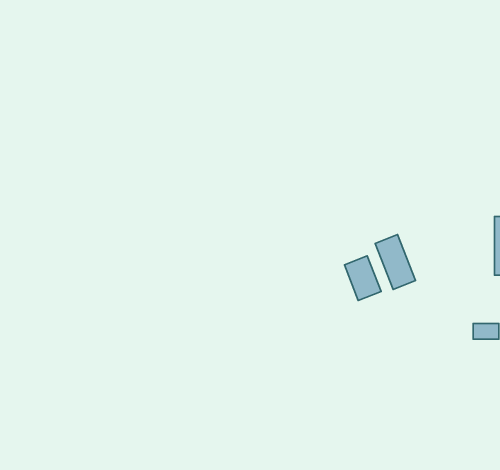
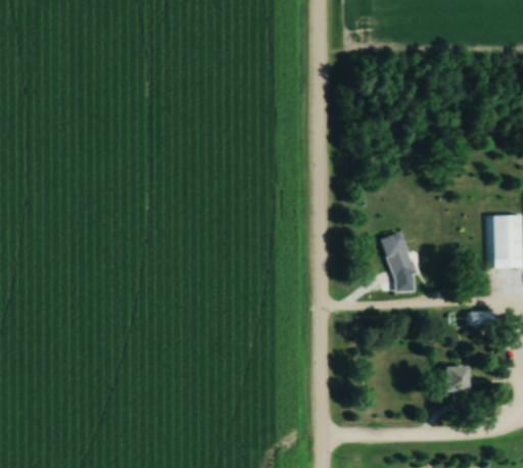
building: [344,256,381,300] -> none
building: none -> [444,368,470,393]

